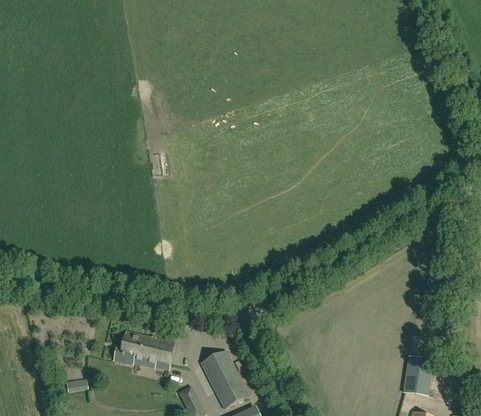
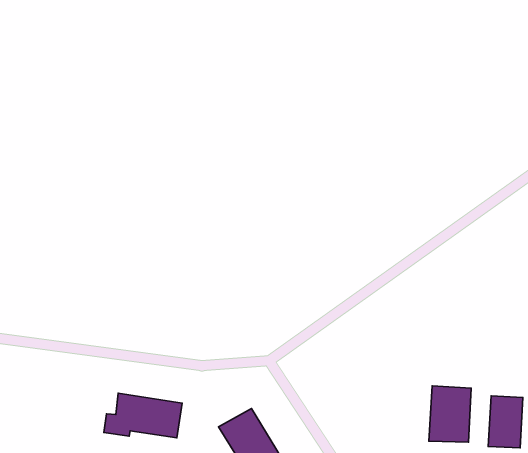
building: none -> [429,386,471,442]

